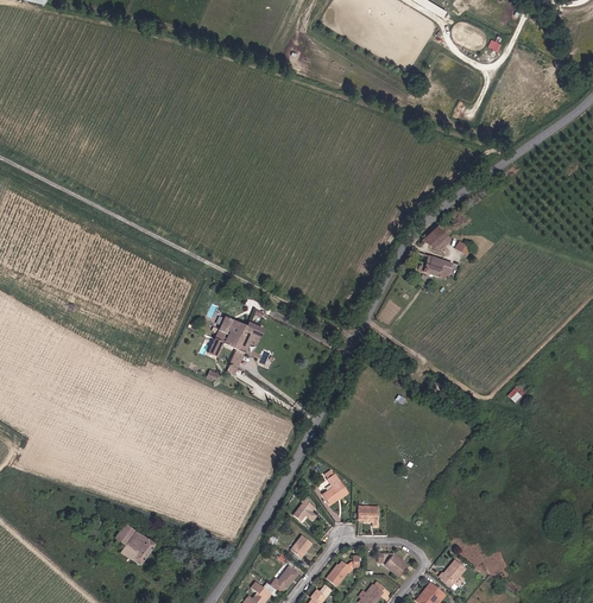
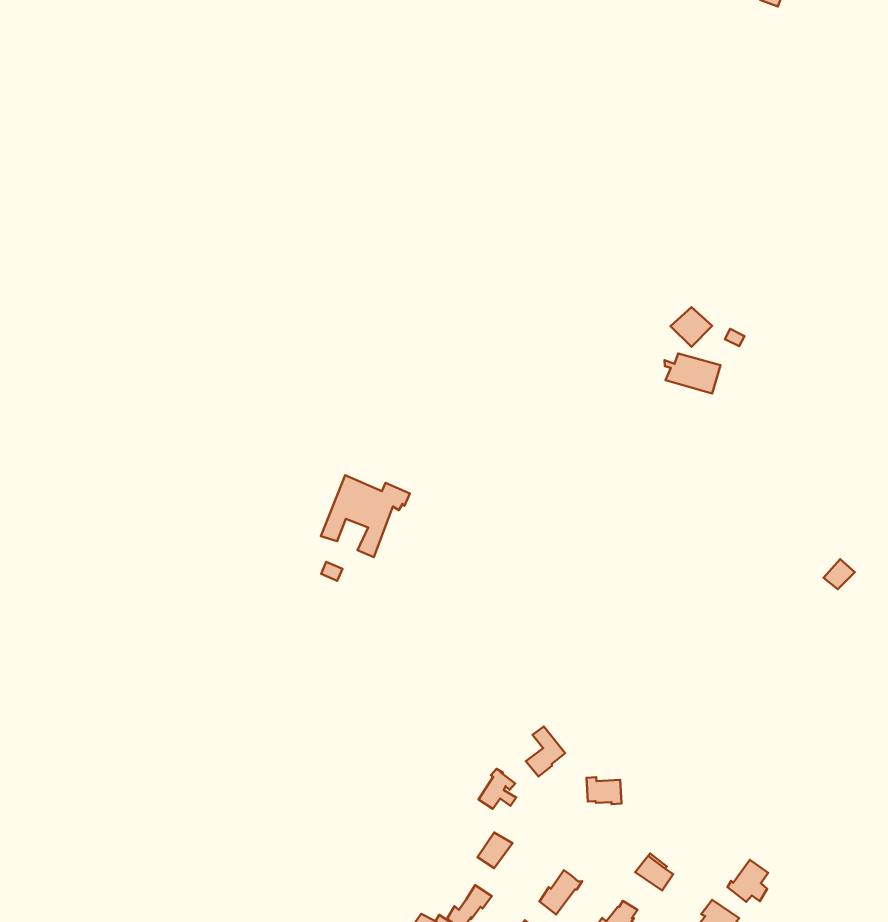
building: [115,523,154,565] -> none

